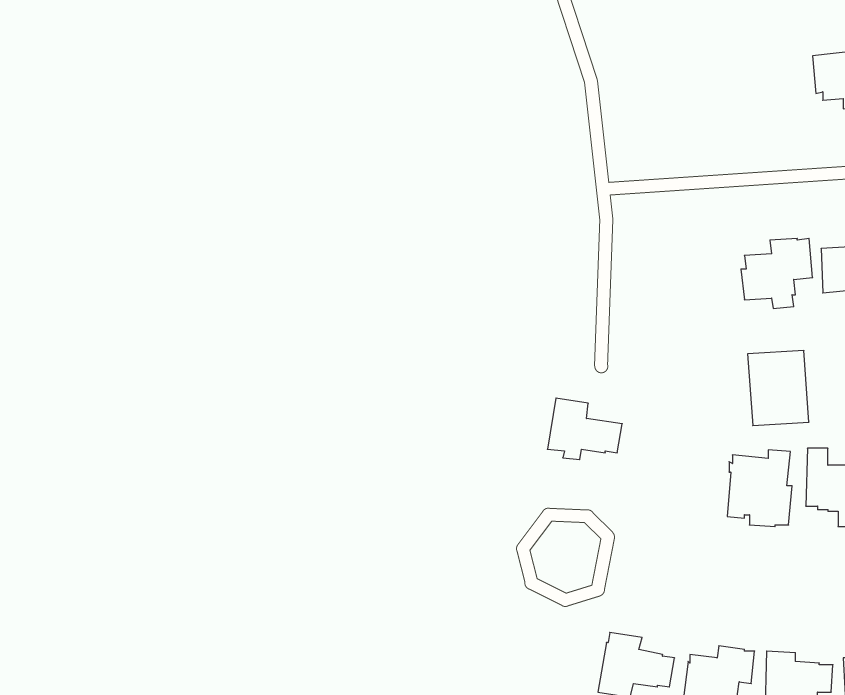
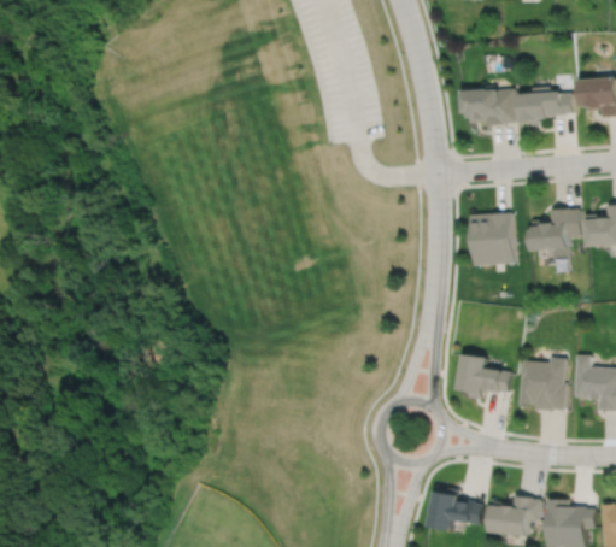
building: none -> [464,86,515,125]
building: none -> [520,87,571,125]
building: [748,351,809,426] -> [470,213,514,266]
building: [547,398,622,460] -> [457,355,510,399]

